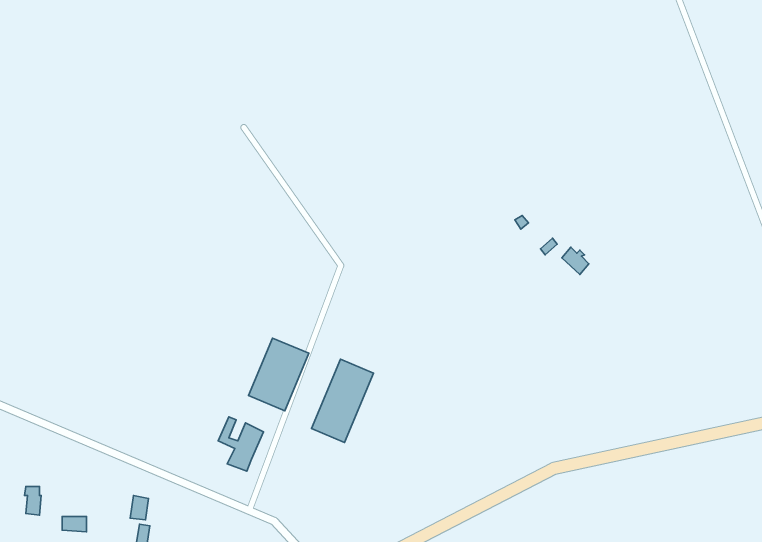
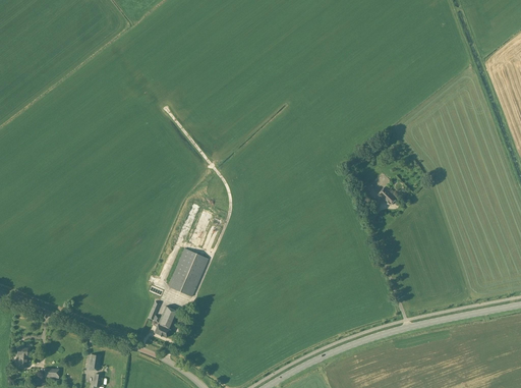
building: [311,359,374,443] -> none

